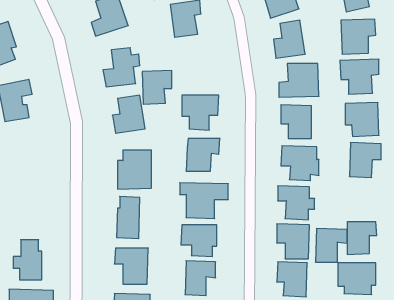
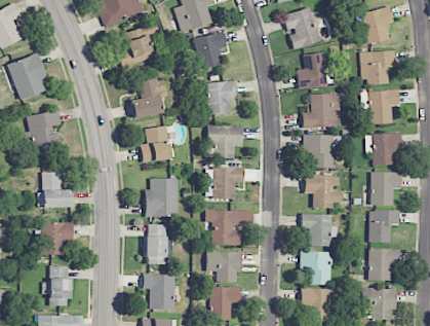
building: [142,71,172,104] -> [207,81,236,114]
building: none -> [42,173,72,208]
building: none -> [40,222,73,255]
building: [315,228,347,262] -> [368,210,399,243]

